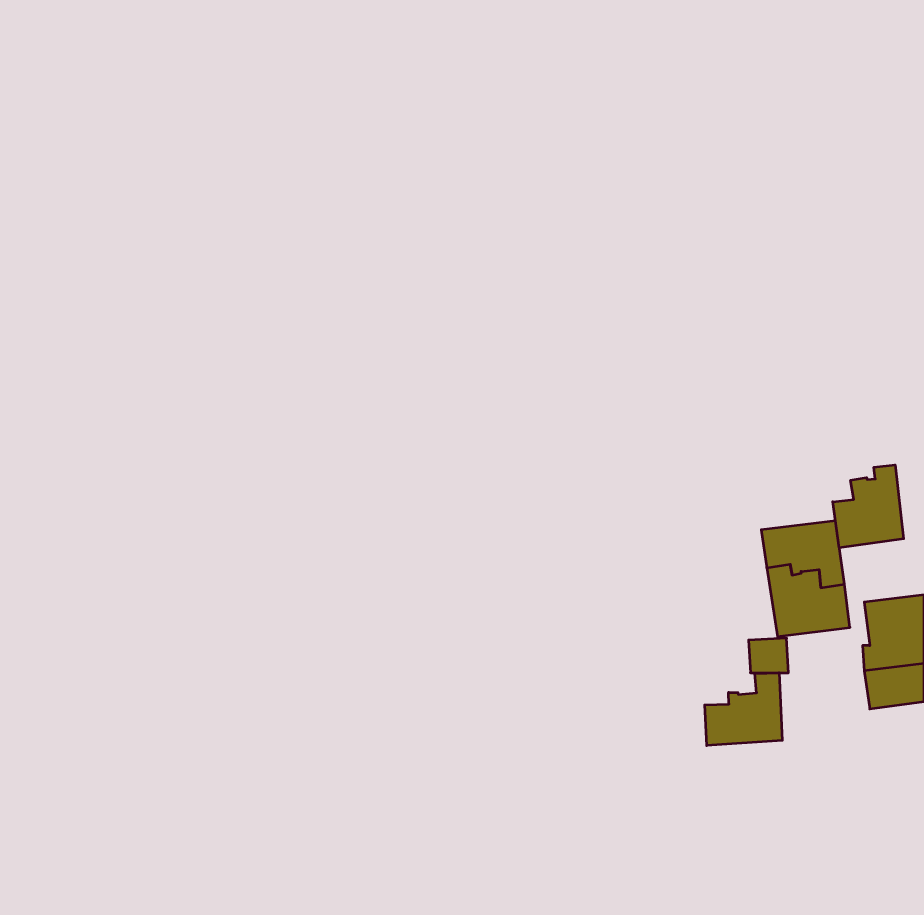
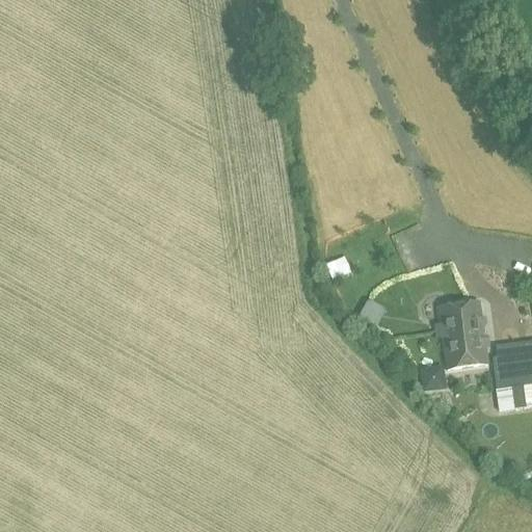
building: [833,465,904,548] -> none
building: [705,673,782,746] -> none

